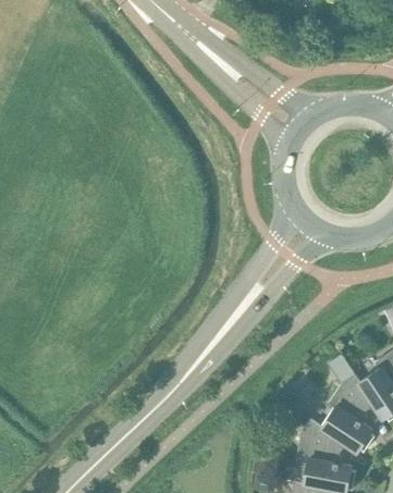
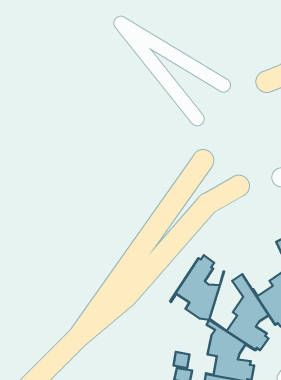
building: none -> [170,255,224,320]

